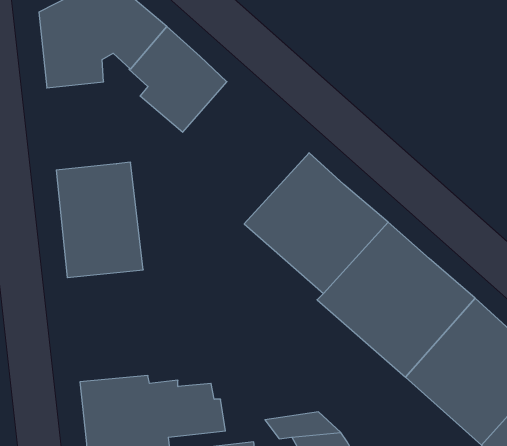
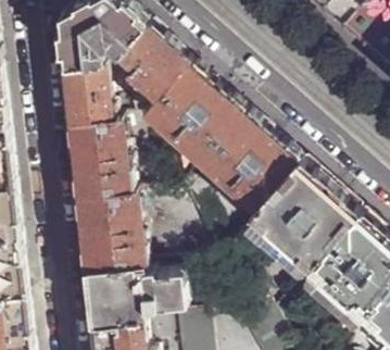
building: none -> [60,70,108,130]
building: none -> [141,70,240,167]
building: none -> [74,198,140,276]

